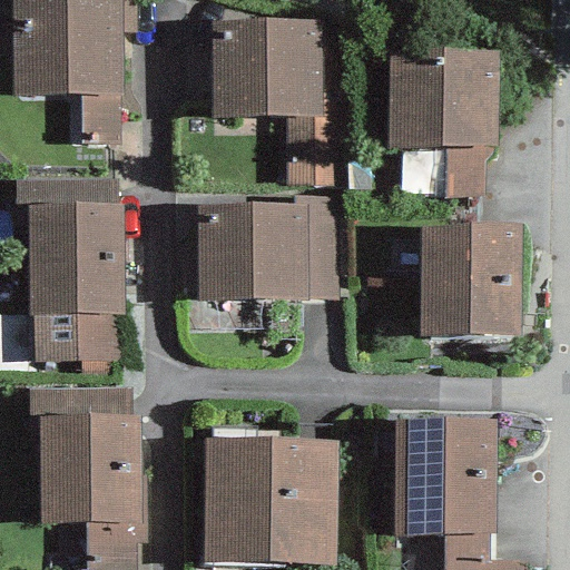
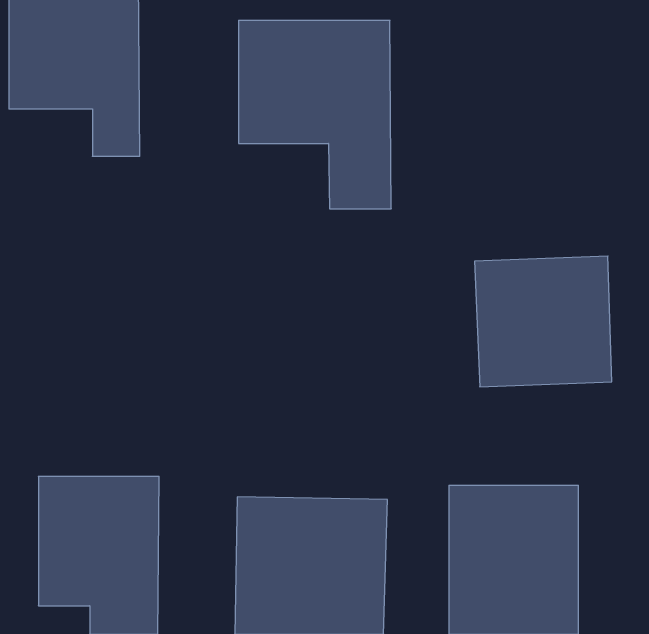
building: [391,51,504,189] -> none
building: [196,199,347,315] -> none
building: [19,206,128,360] -> none

